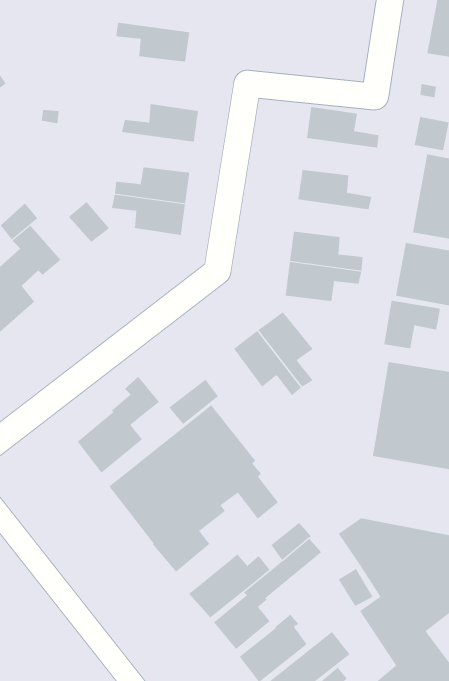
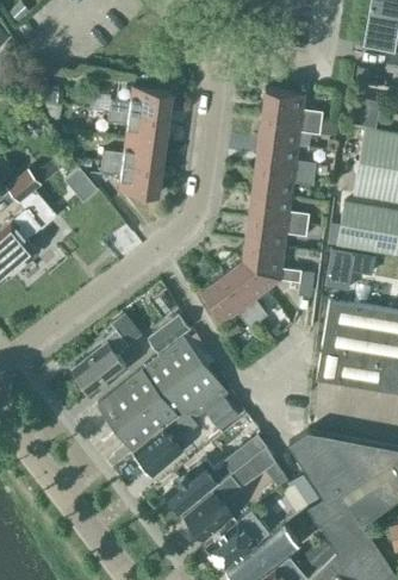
building: [116,22,190,62] -> [107,111,169,144]
building: none -> [259,116,322,146]
building: none -> [251,167,315,198]
building: none -> [243,247,301,291]

